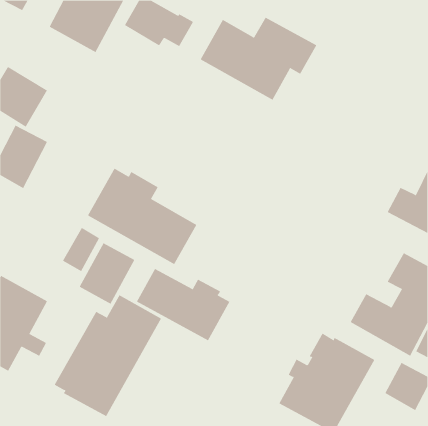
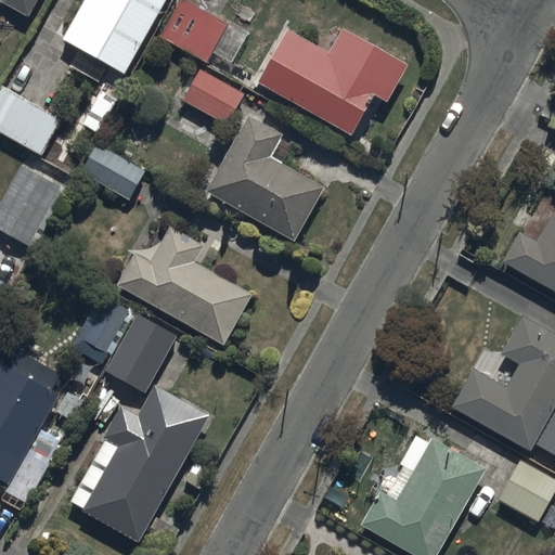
building: none -> [182,68,245,126]
building: none -> [205,113,323,238]
building: none -> [79,142,146,201]
building: [136,268,230,341] -> none

